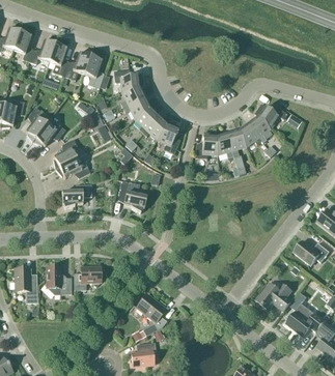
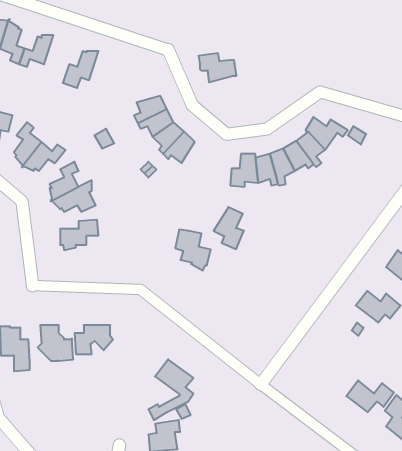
building: [49,39,68,77] -> none
building: [84,52,104,89] -> none
building: [113,69,143,92] -> [198,53,237,82]
building: [157,121,180,154] -> [214,207,244,249]
building: [118,181,146,213] -> [175,230,211,270]
building: [255,283,291,311] -> none

